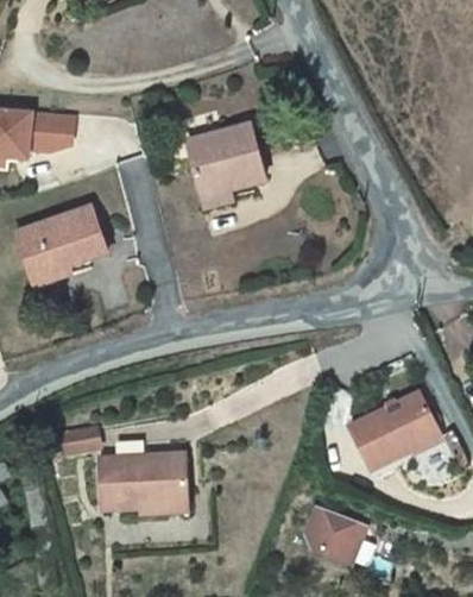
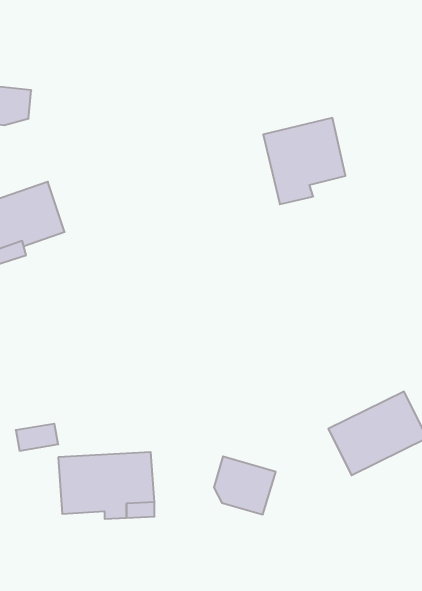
building: [187,125,263,205] -> [263,118,345,204]
building: [308,510,365,564] -> [214,456,276,514]

